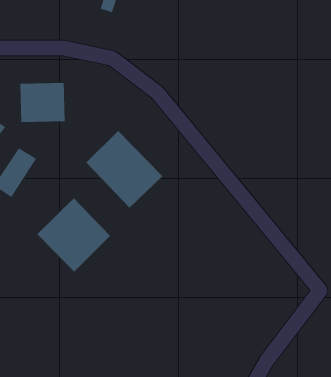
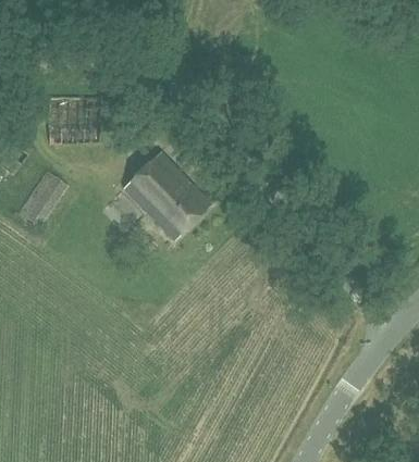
building: [37,198,111,272] -> none

